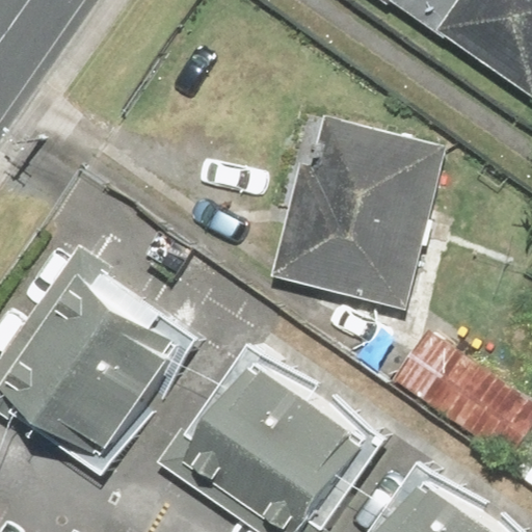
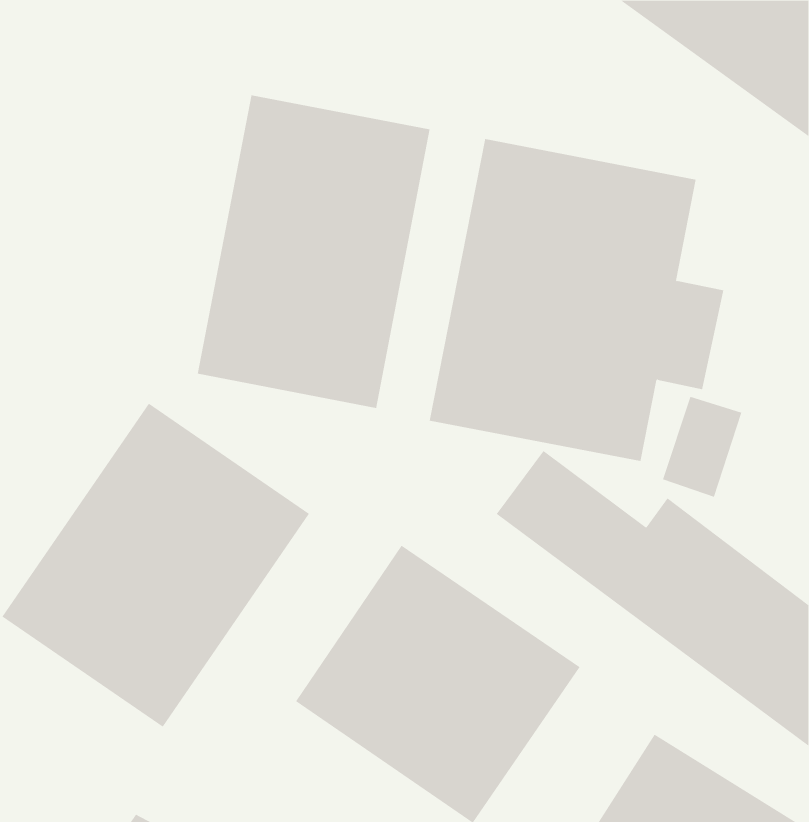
building: none -> [197,94,430,409]

